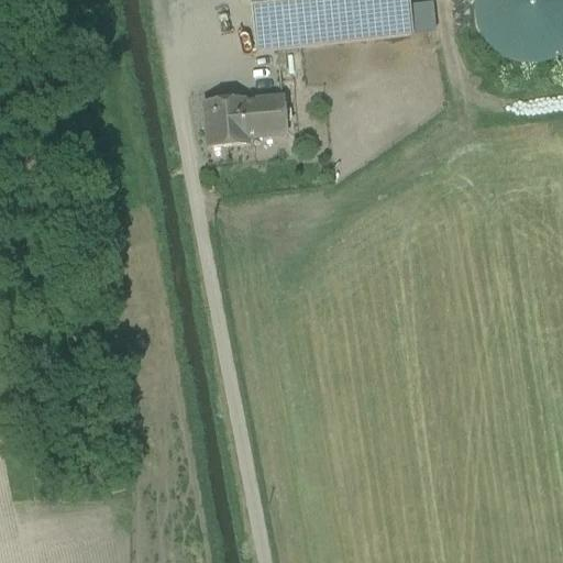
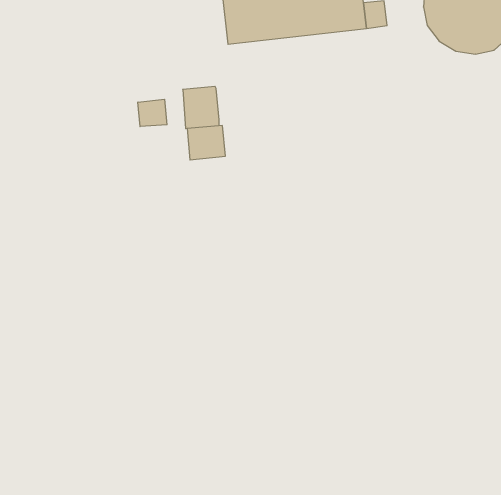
building: [243,96,286,134] -> [187,126,225,160]
building: none -> [138,99,167,127]

